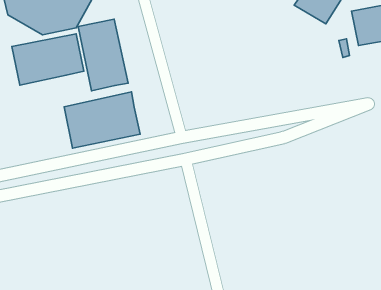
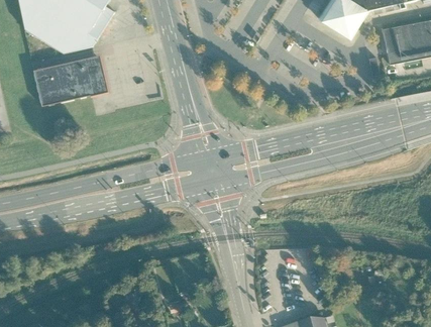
building: [78,19,128,91] -> none
building: [64,92,140,148] -> none

